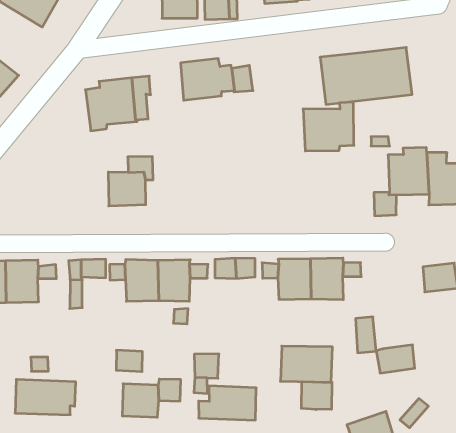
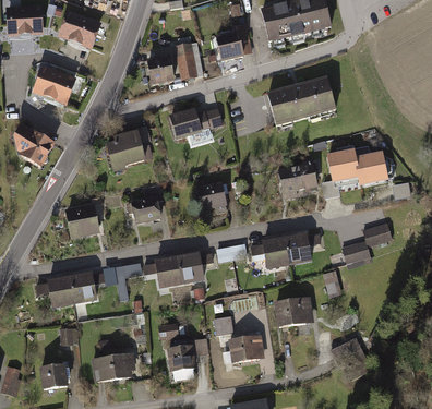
building: [303,102,354,151] -> [277,158,317,199]
building: none -> [195,181,227,213]
building: none -> [63,204,98,239]
building: [376,345,415,373] -> [340,239,370,263]
building: [301,382,332,410] -> none

